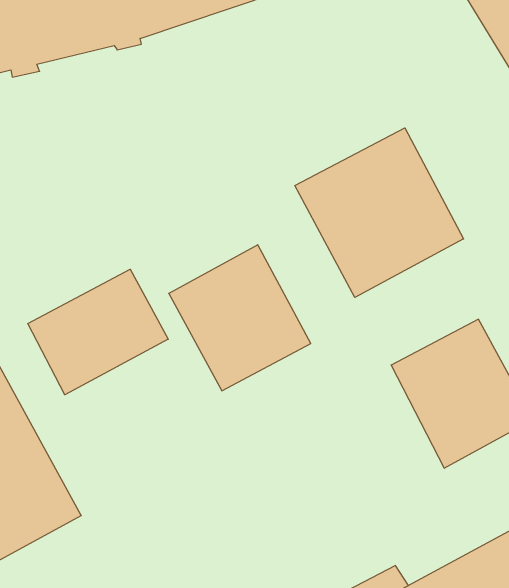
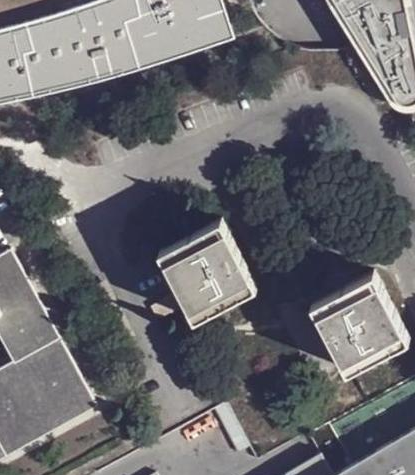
building: [295,128,464,297] -> none
building: [28,269,168,395] -> none

